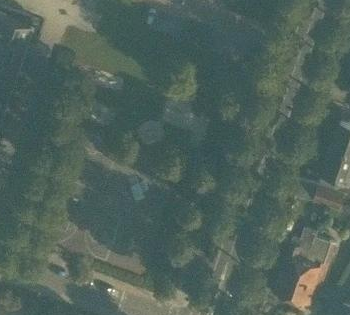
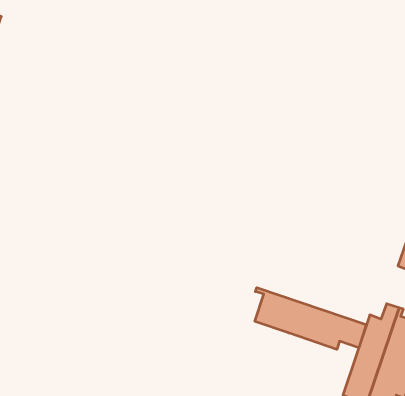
building: none -> [255,288,366,349]

